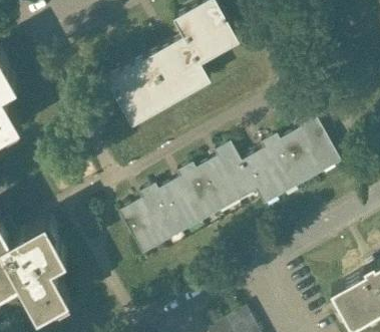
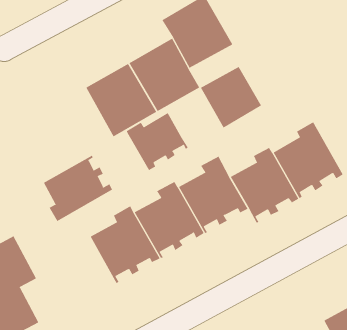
building: none -> [200,66,262,129]
building: none -> [126,112,188,171]
building: none -> [43,155,113,222]

